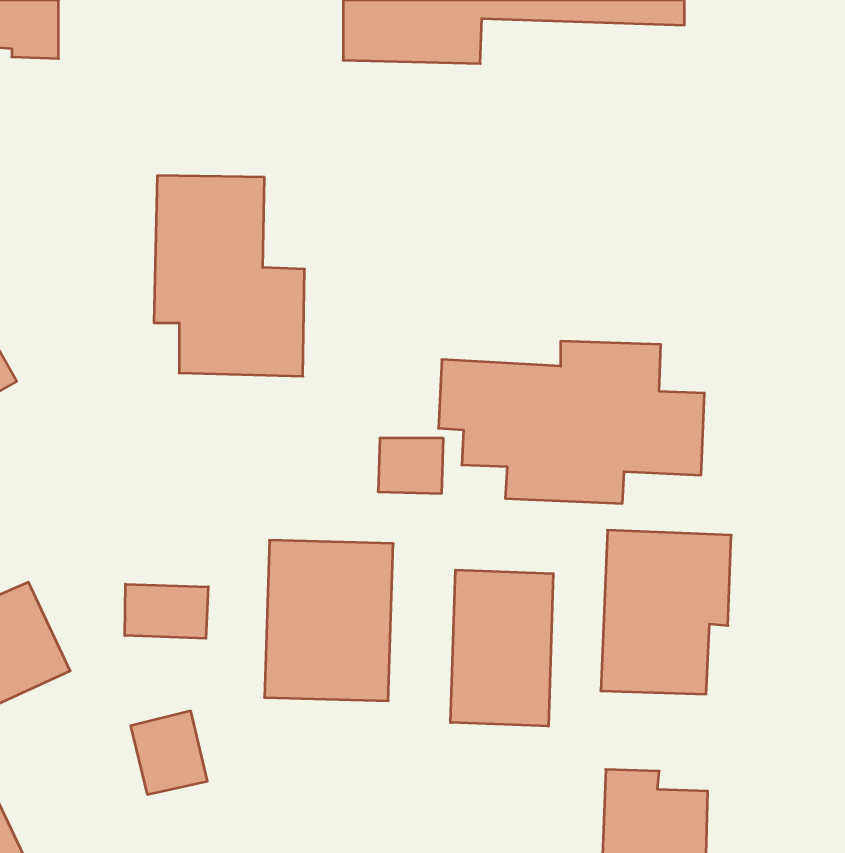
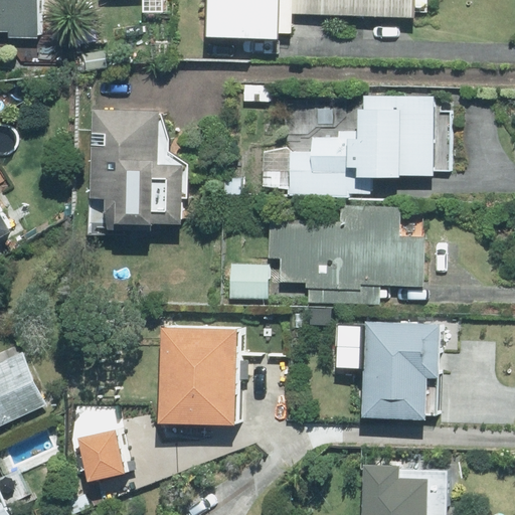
building: none -> [286,96,432,193]
building: [451,570,553,726] -> none
building: [125,584,208,638] -> none

